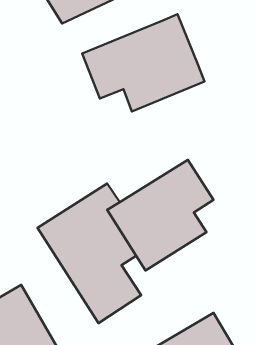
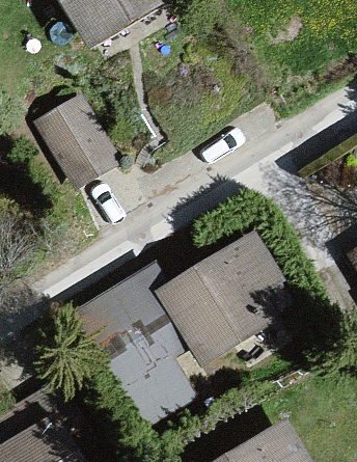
building: [82,14,205,111] -> none
building: none -> [35,91,116,181]

